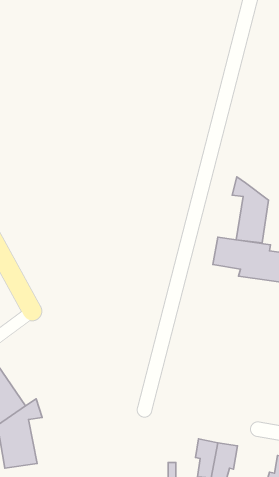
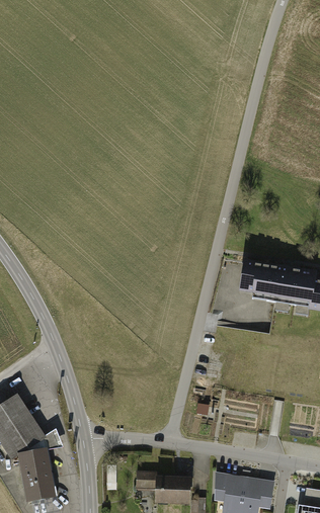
building: [232,177,269,243] -> none
building: none -> [136,473,187,504]

